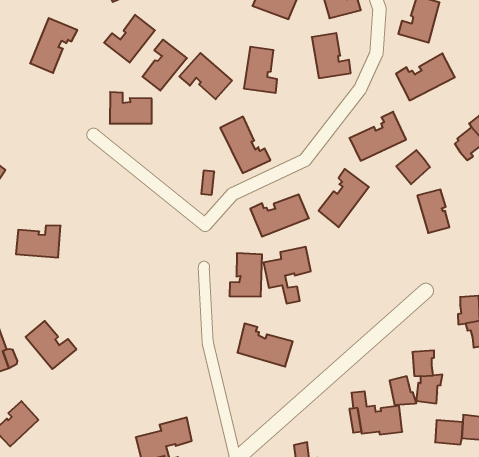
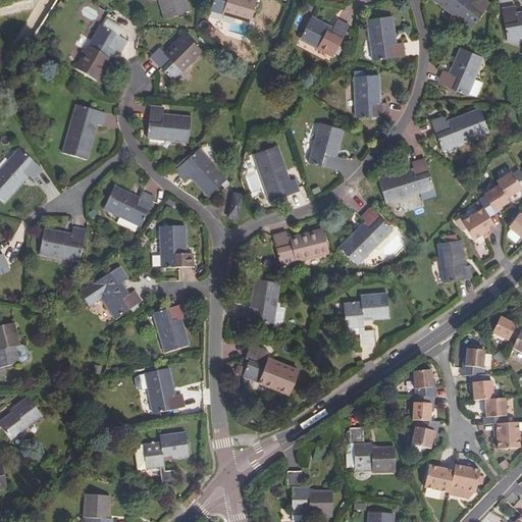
building: [142,40,187,91] -> none
building: [244,47,277,93] -> [309,122,343,170]
building: [179,53,232,99] -> [176,148,227,195]
building: none -> [62,105,104,158]
building: [396,150,430,184] -> [463,205,495,238]
building: none -> [105,186,154,224]
building: none -> [154,224,193,266]
building: [264,247,311,304] -> [344,292,388,345]
building: none -> [154,303,189,352]
building: [26,321,76,369] -> [93,269,141,317]
building: none -> [137,366,185,413]
building: [390,376,416,405] -> [414,368,437,396]

